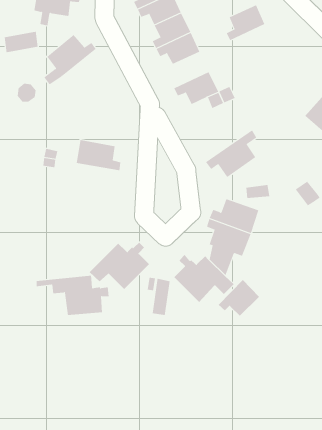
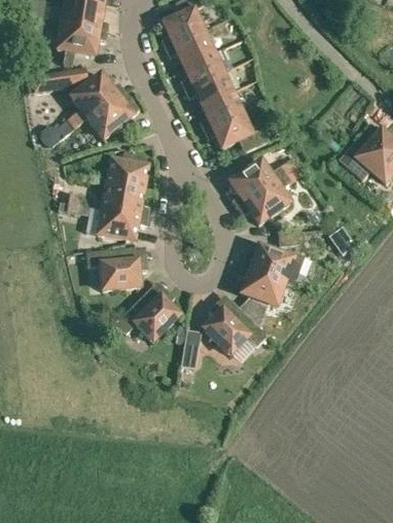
building: [226,5,265,41] -> [200,92,241,130]
building: none -> [87,89,139,138]
building: none -> [106,151,148,190]
building: none -> [229,160,286,207]
building: none -> [98,208,148,240]
building: [36,275,110,315] -> [70,247,147,289]
building: [218,279,260,317] -> none

